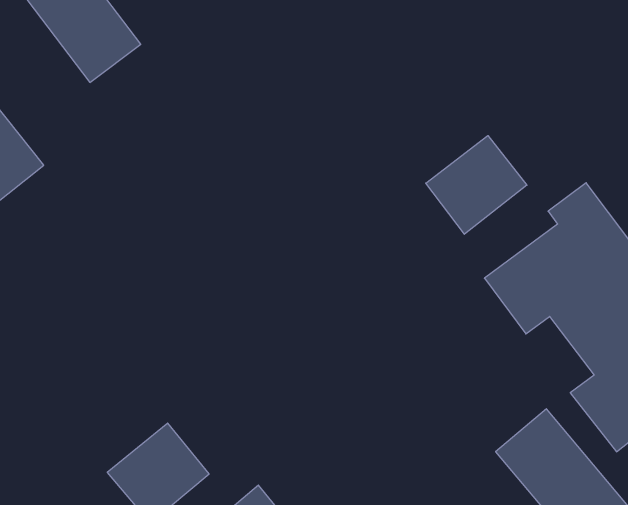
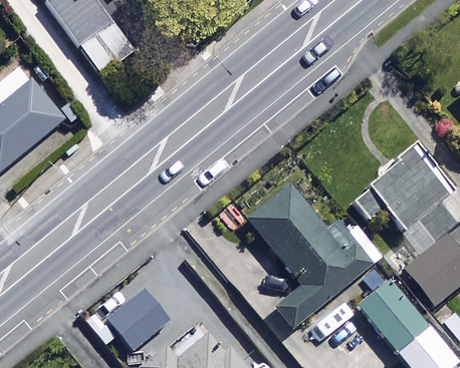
building: [426,136,527,234] -> none
building: none -> [248,186,371,328]

